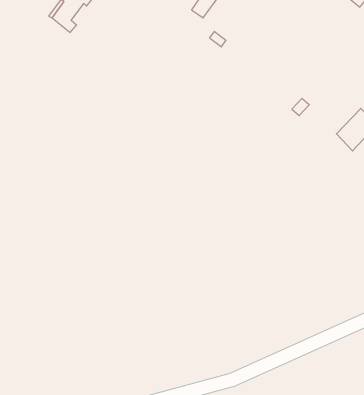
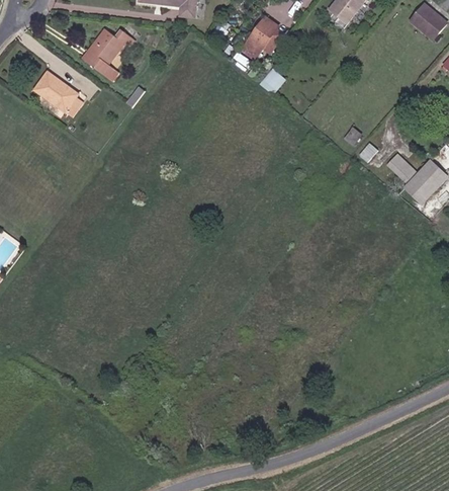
building: none -> [34,69,78,107]
building: none -> [387,153,418,182]

